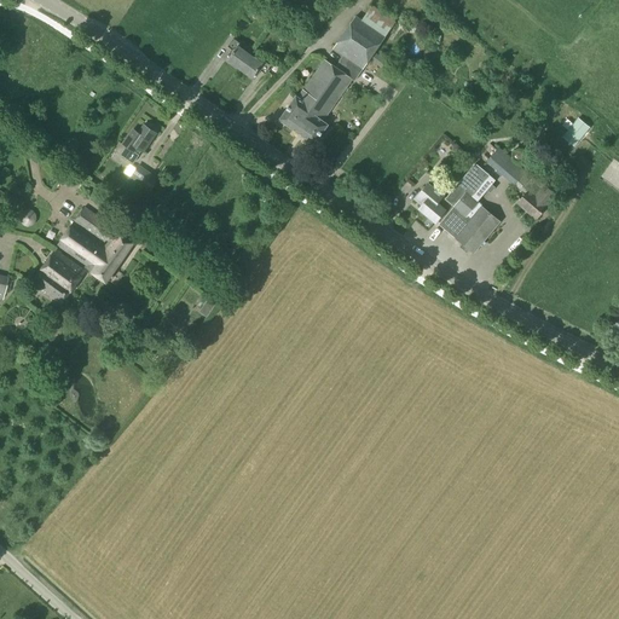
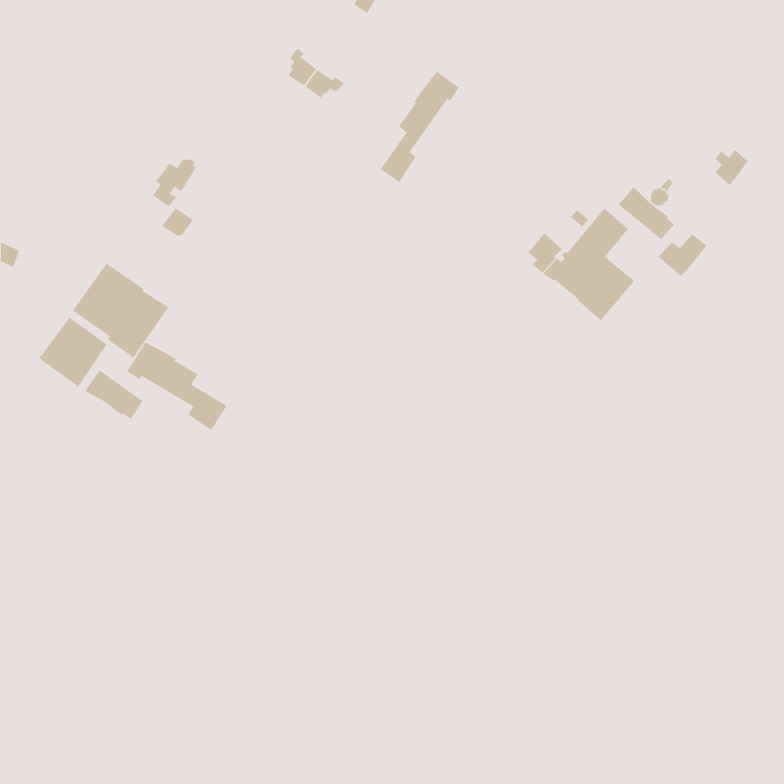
building: [334,5,397,69] -> none
building: [279,59,336,133] -> none
building: none -> [126,342,228,431]
building: none -> [84,369,143,420]

